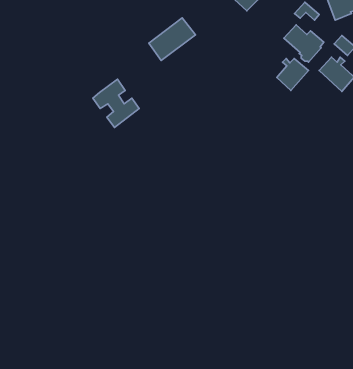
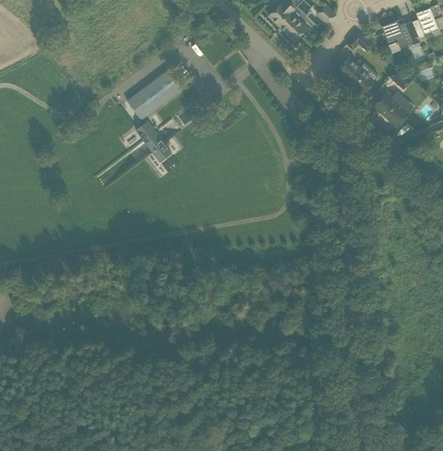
building: [149,18,195,60] -> [133,68,183,114]
building: [277,58,308,91] -> none

